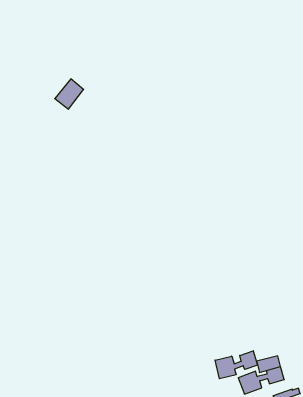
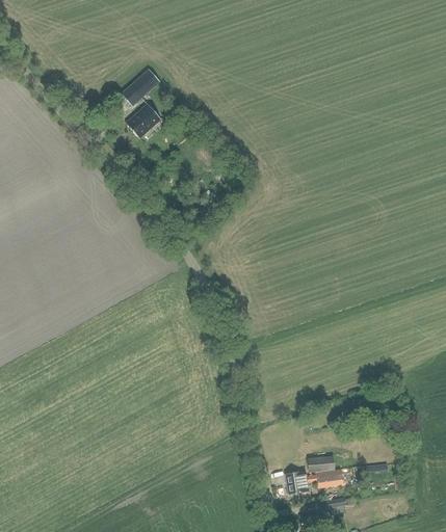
building: none -> [130,70,159,98]
building: [215,351,258,379] -> none

